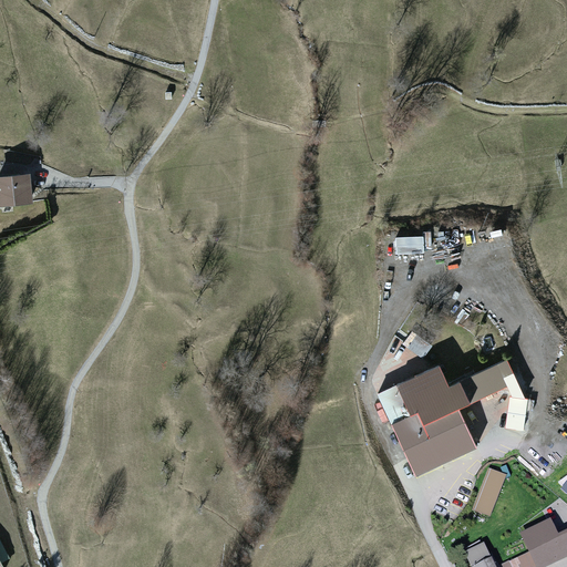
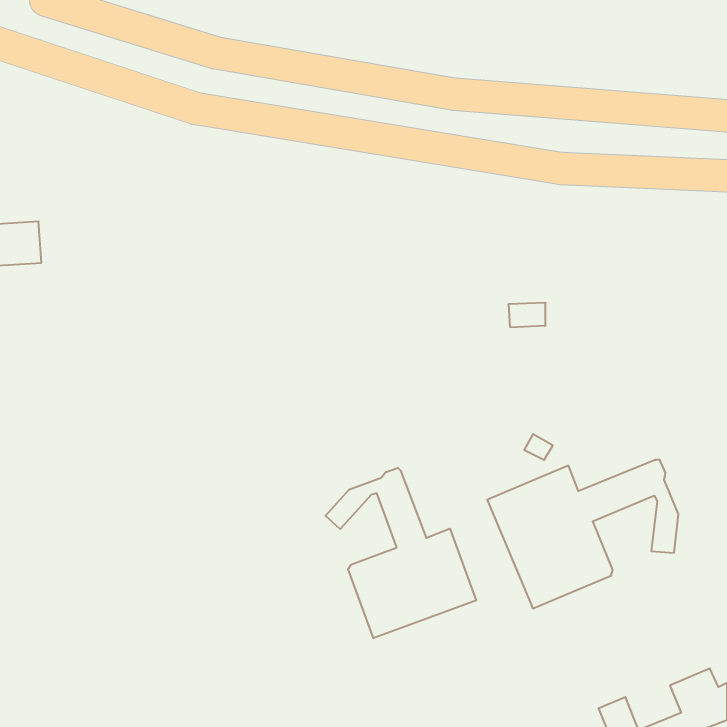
building: none -> [325,468,476,638]
building: [472,471,505,519] -> none

